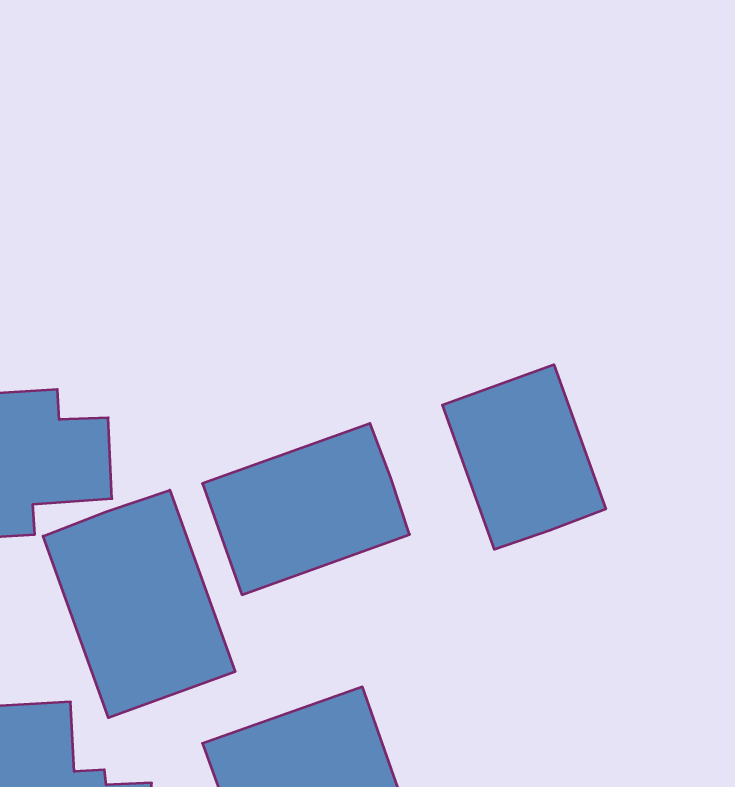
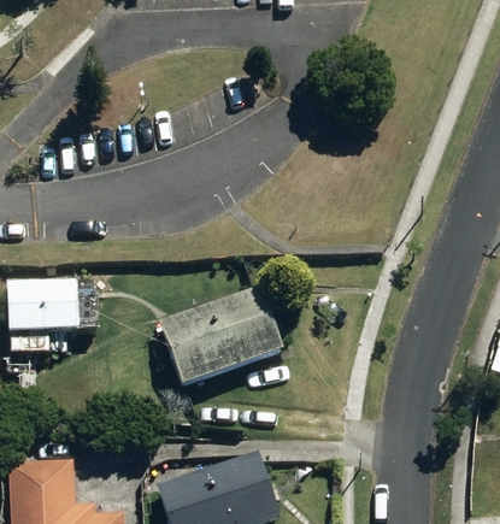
building: [442,365,606,549] -> none
building: [43,490,235,718] -> none

